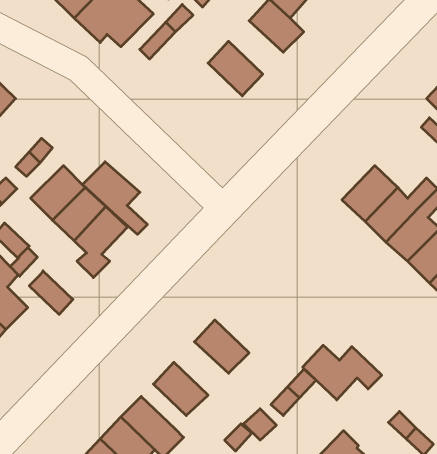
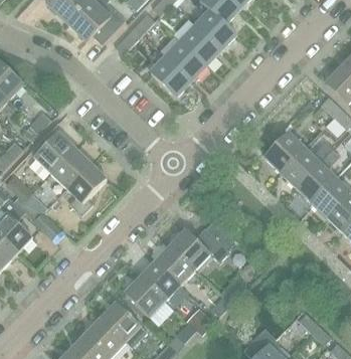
building: none -> [180,25,220,64]
building: none -> [150,56,190,96]
building: [82,162,147,234] -> none
building: none -> [140,261,188,309]
building: [303,345,382,400] -> [170,229,228,270]

